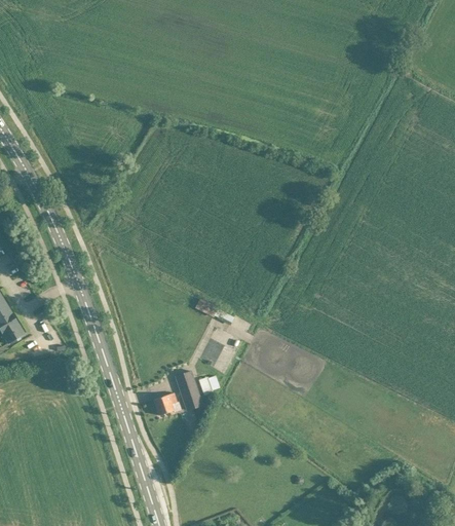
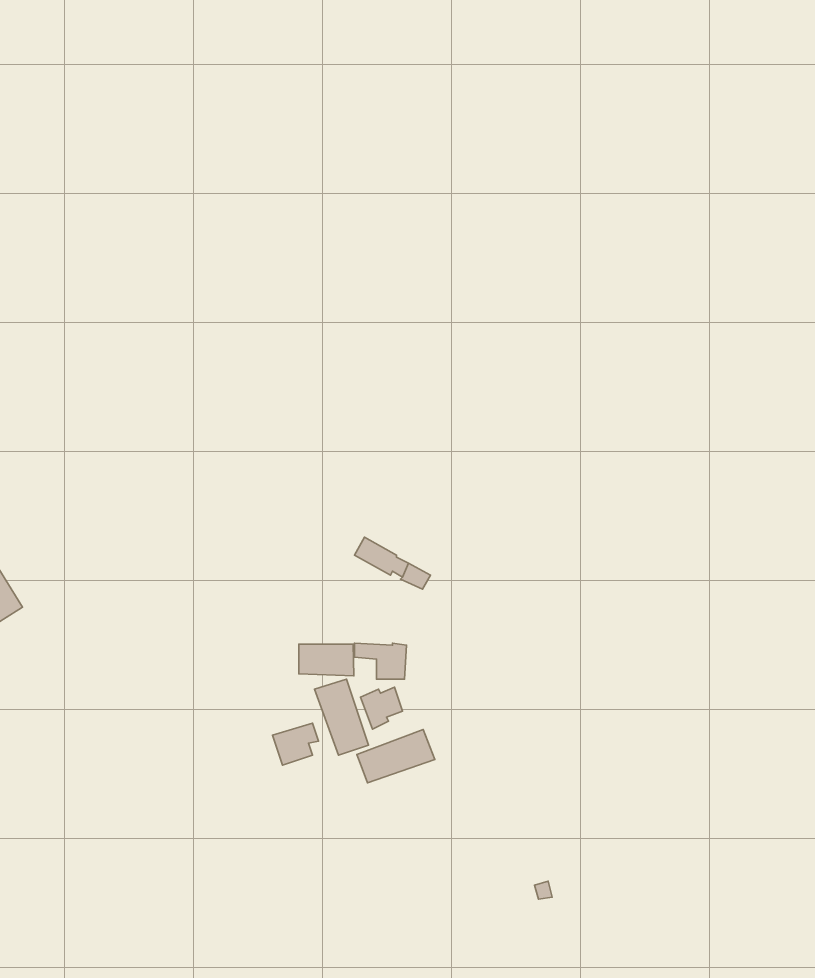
building: none -> [299,644,354,676]
building: none -> [357,730,435,783]

